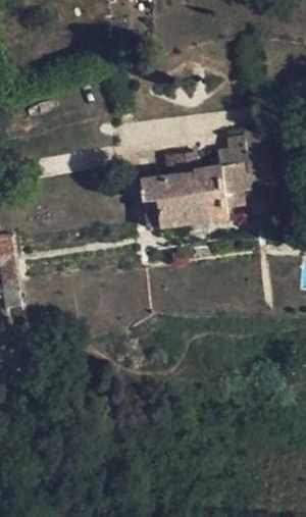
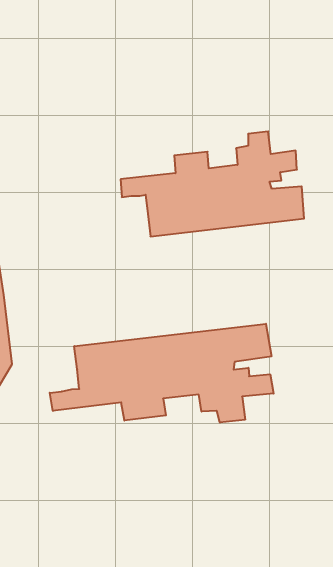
building: none -> [50,324,274,423]

